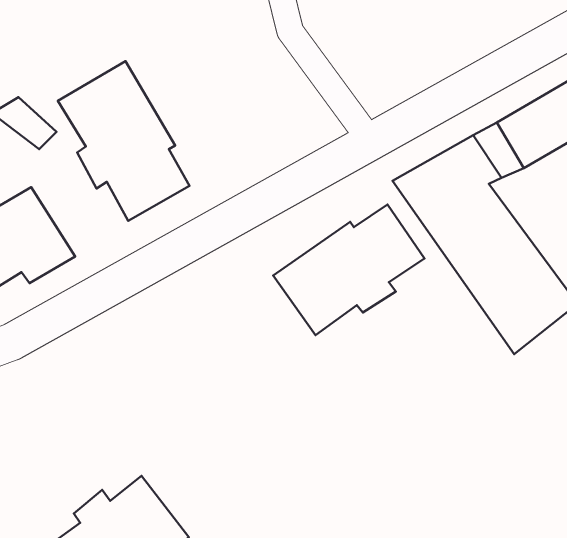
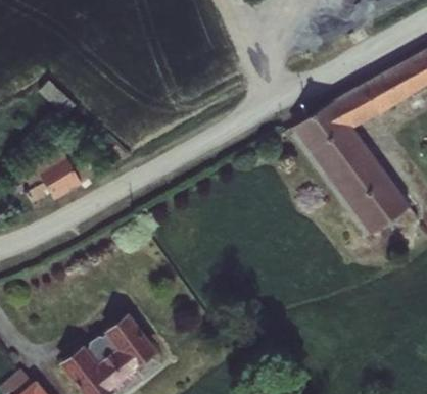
building: [58,61,189,221] -> none
building: [273,205,424,335] -> none

